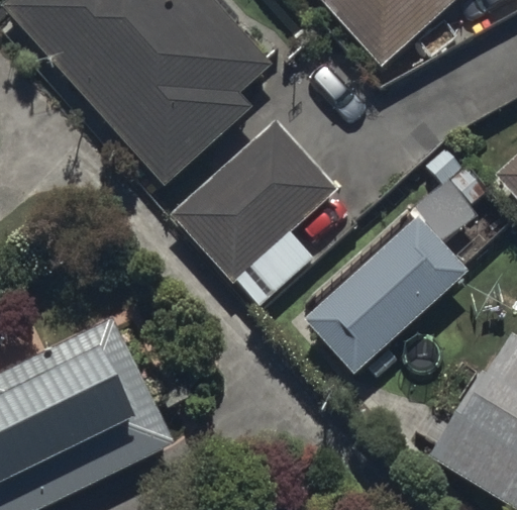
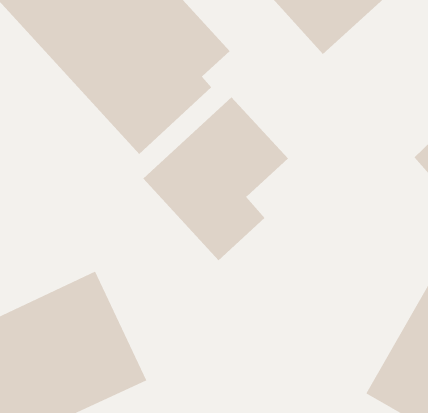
building: [304,206,474,375] -> none

